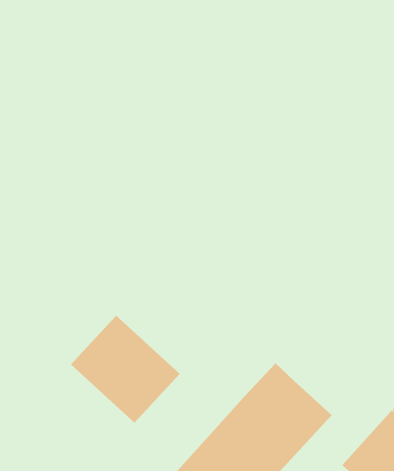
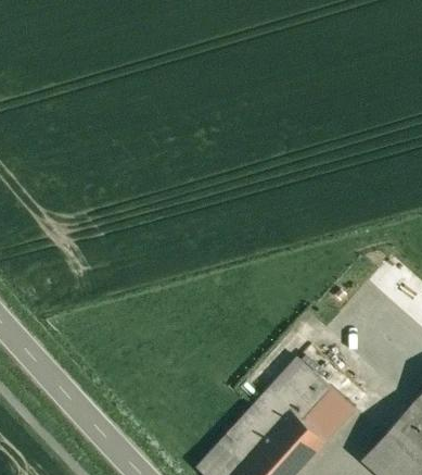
building: [70,315,180,423] -> none

